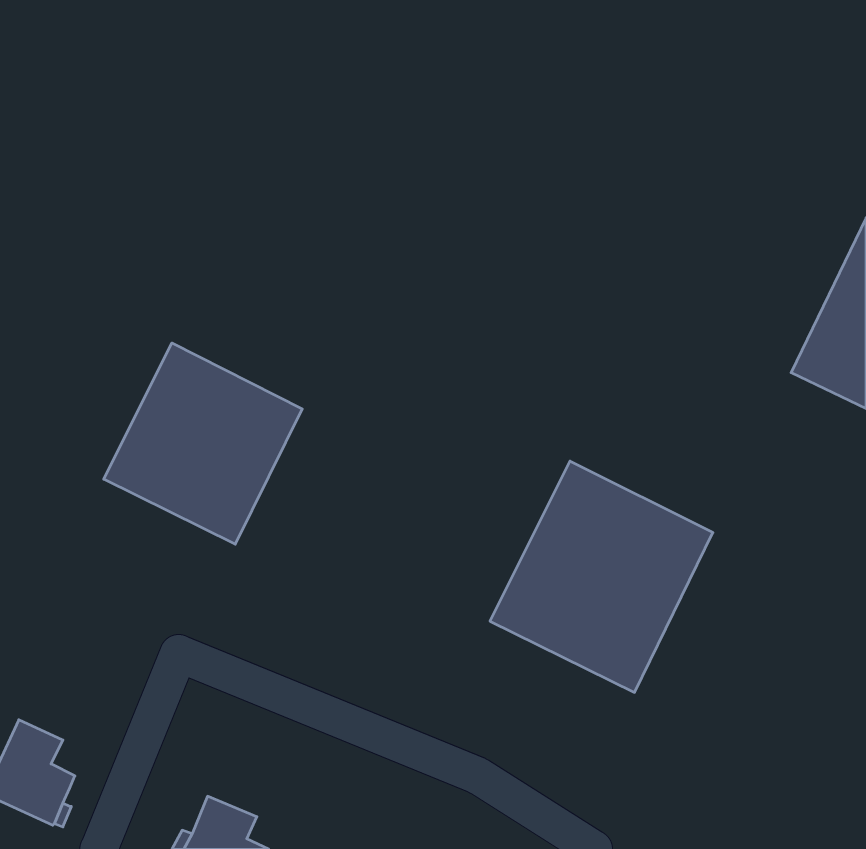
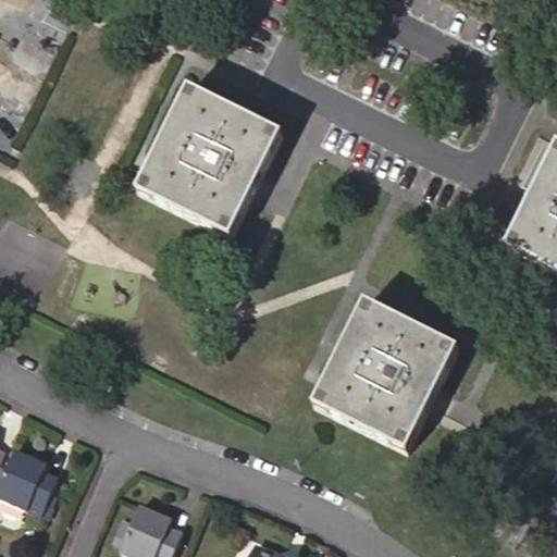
building: none -> [137,81,280,227]
building: [104,343,302,544] -> none

